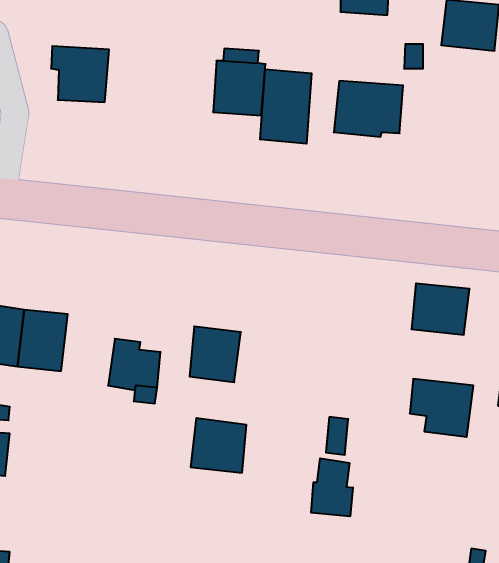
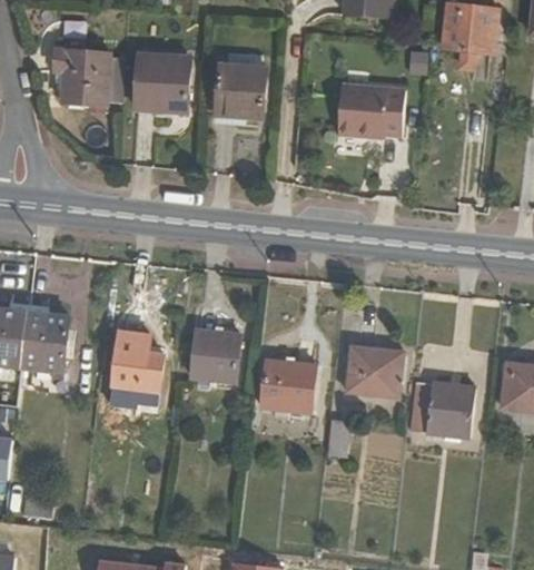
building: none -> [135,53,188,112]
building: [260,69,312,144] -> none
building: [411,283,470,335] -> [346,346,404,397]
building: [191,418,246,473] -> [260,358,316,413]
building: [311,458,353,516] -> none

